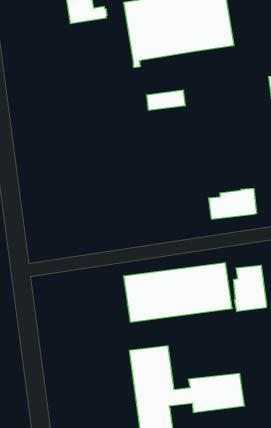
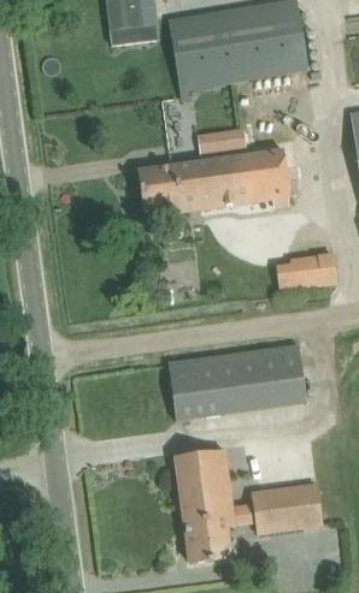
building: none -> [139,149,293,213]
building: [234,265,266,312] -> none

